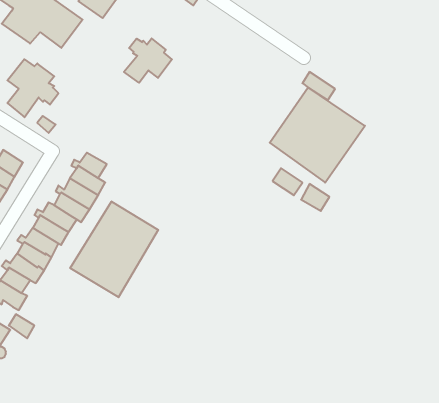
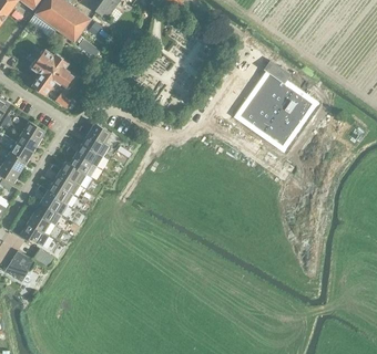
building: [124,38,172,83] -> none
building: [70,201,158,297] -> none

